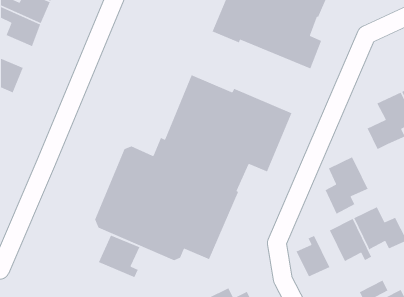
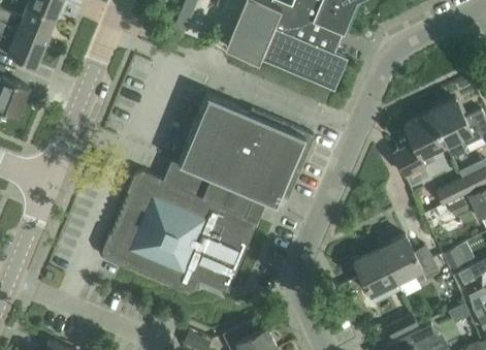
building: [325,156,372,215] -> none
building: [98,234,140,278] -> none
building: [296,235,330,278] -> none

